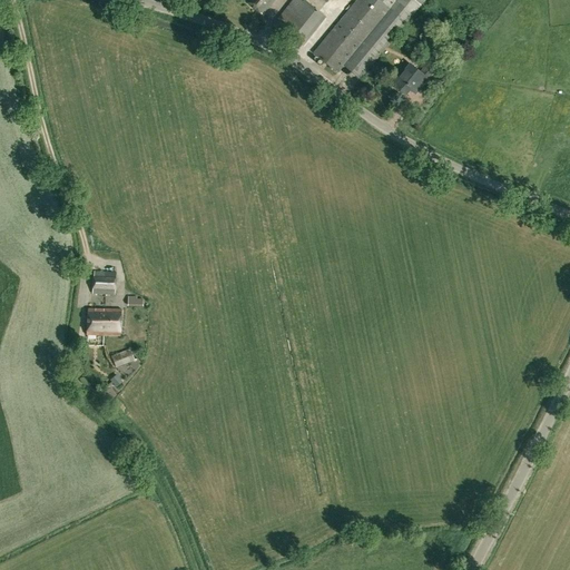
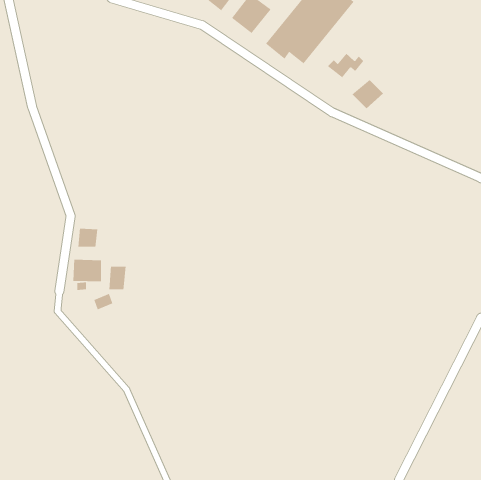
building: none -> [352,79,384,109]
building: none -> [109,266,126,290]

